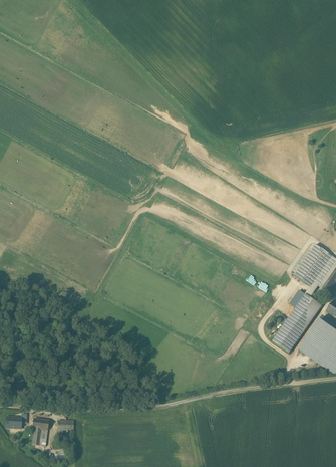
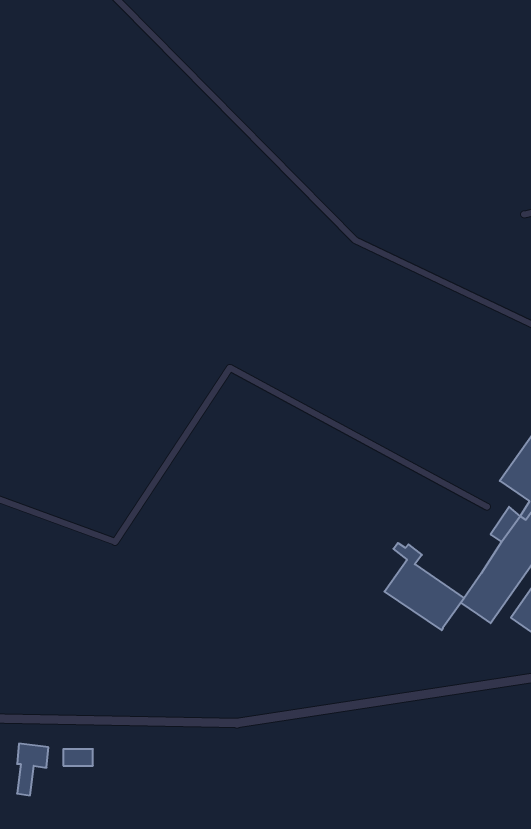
building: none -> [384,543,464,630]

